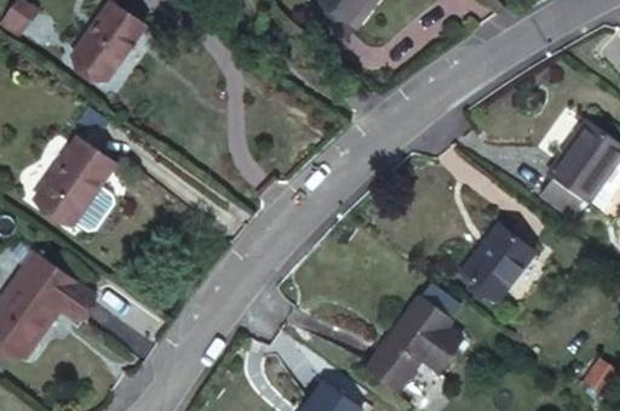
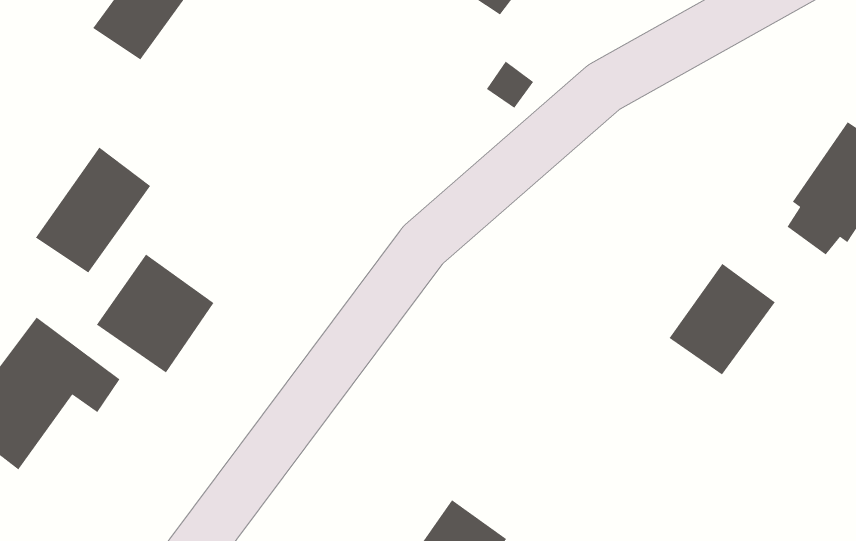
building: none -> [96,254,214,374]
building: [363,295,464,390] -> none

